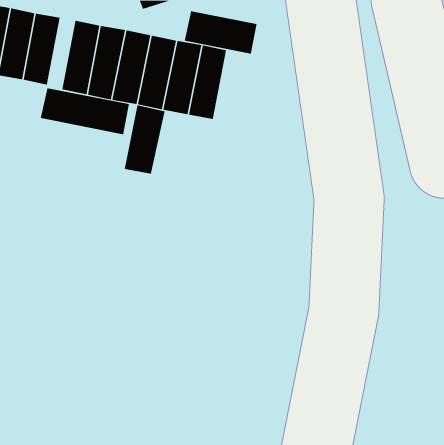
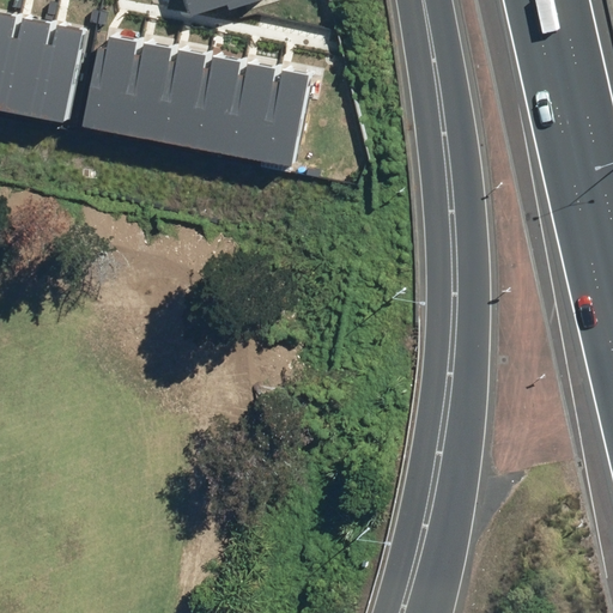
building: [184,11,257,55] -> none
building: [40,87,130,135] -> none
building: [124,104,165,175] -> none

